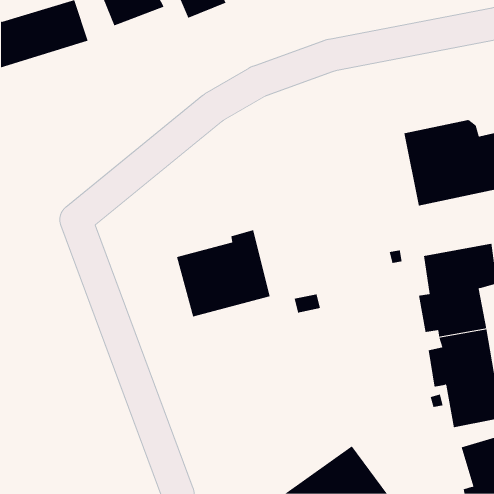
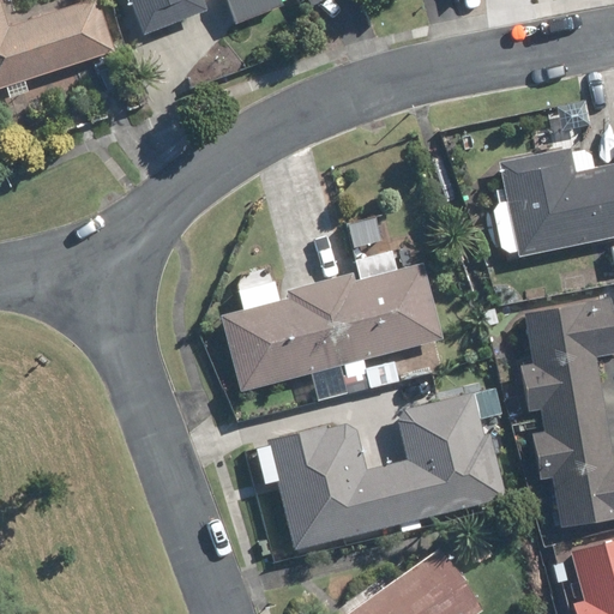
building: none -> [317,264,444,366]
building: none -> [270,392,506,549]

